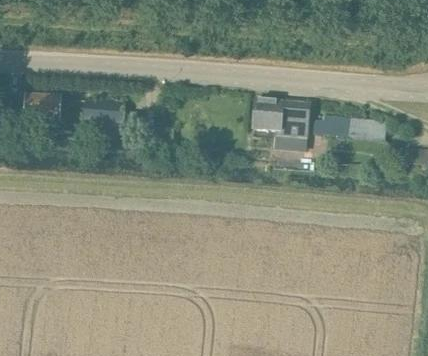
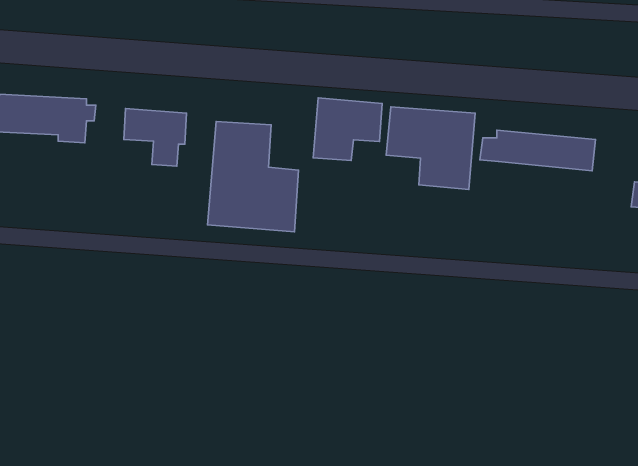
building: none -> [313,98,382,161]
building: none -> [207,121,298,232]

